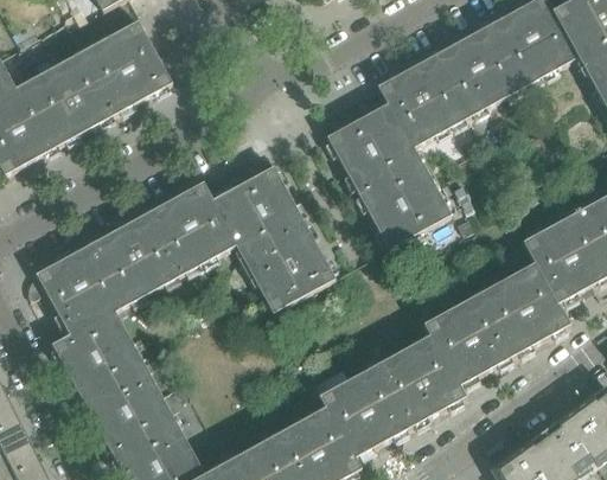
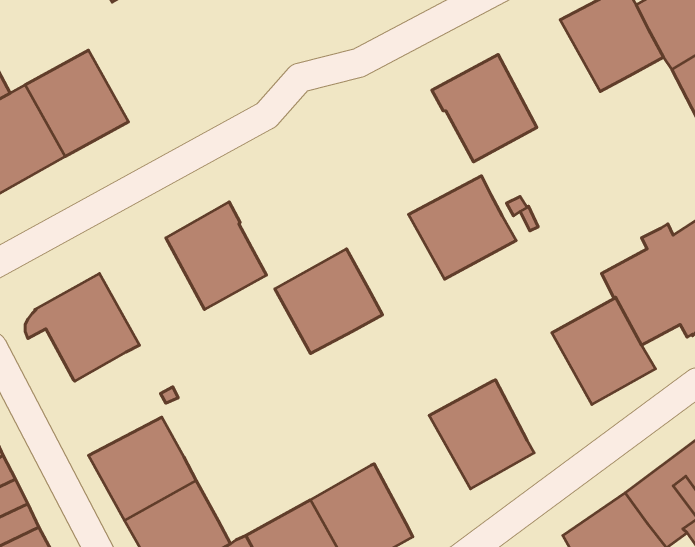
building: [83,19,172,111] -> none
building: [435,24,523,116] -> none
building: [327,102,421,191] -> none
building: [212,165,305,255] -> none
building: [92,211,183,303] -> none
building: [424,293,516,385] -> none
building: [53,309,146,398] -> none
building: [320,364,411,456] -> none

